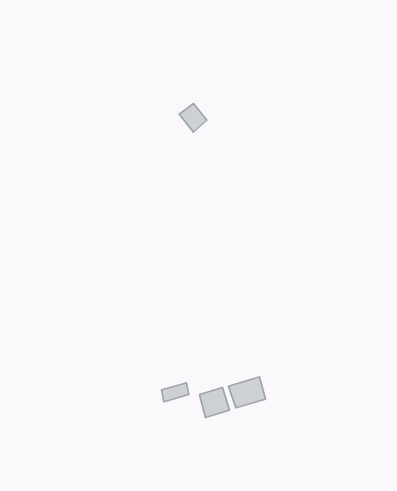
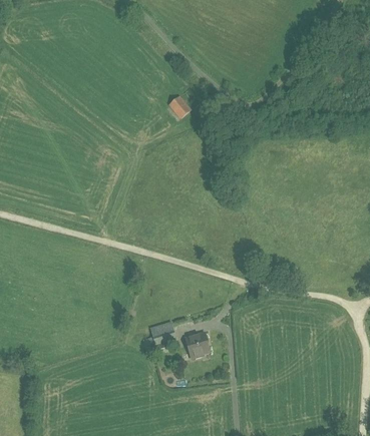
building: [228,377,266,408] -> none

